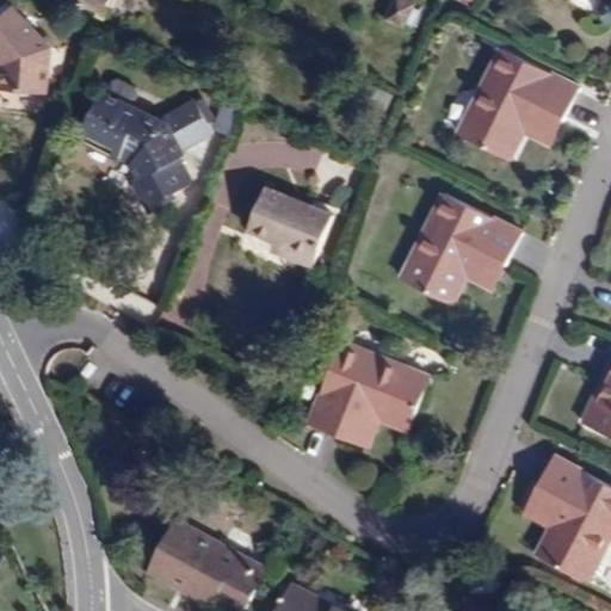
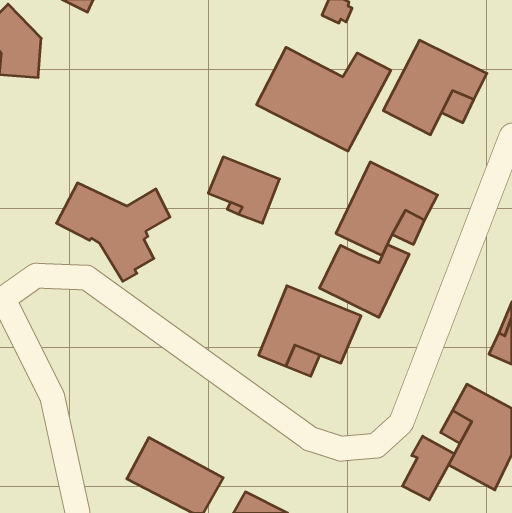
building: none -> [257,47,391,151]
building: [76,91,211,208] -> [56,183,170,281]
building: none -> [320,244,409,317]
building: none -> [402,436,454,500]

